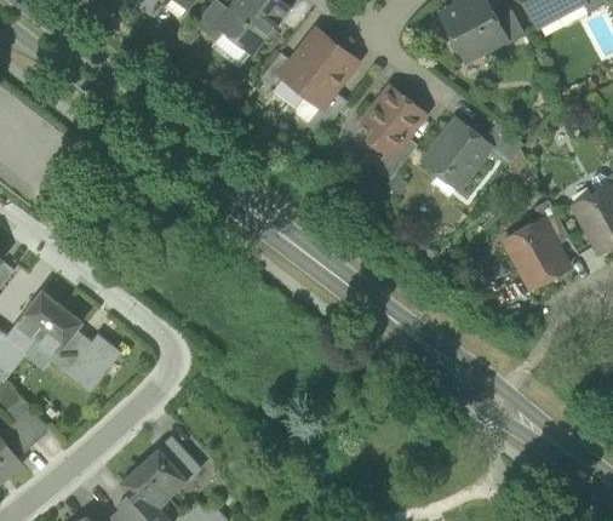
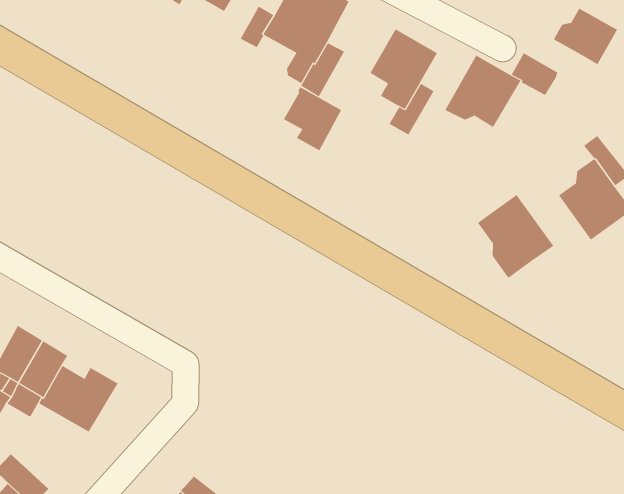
building: none -> [553,8,618,65]
building: none -> [283,87,342,151]
building: none -> [477,194,554,278]

